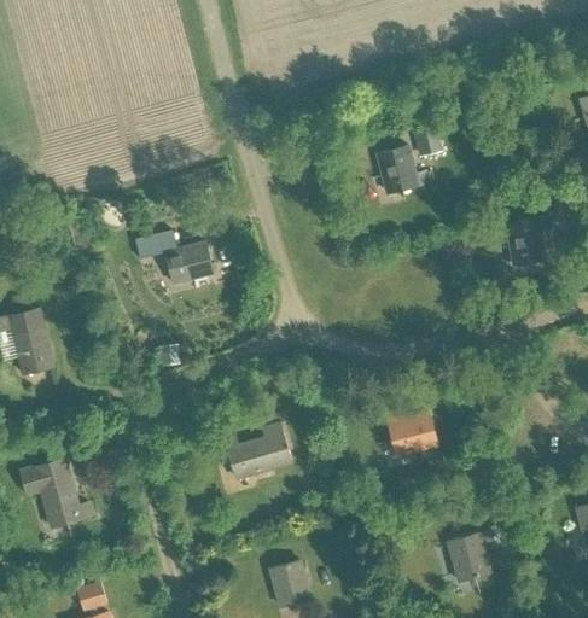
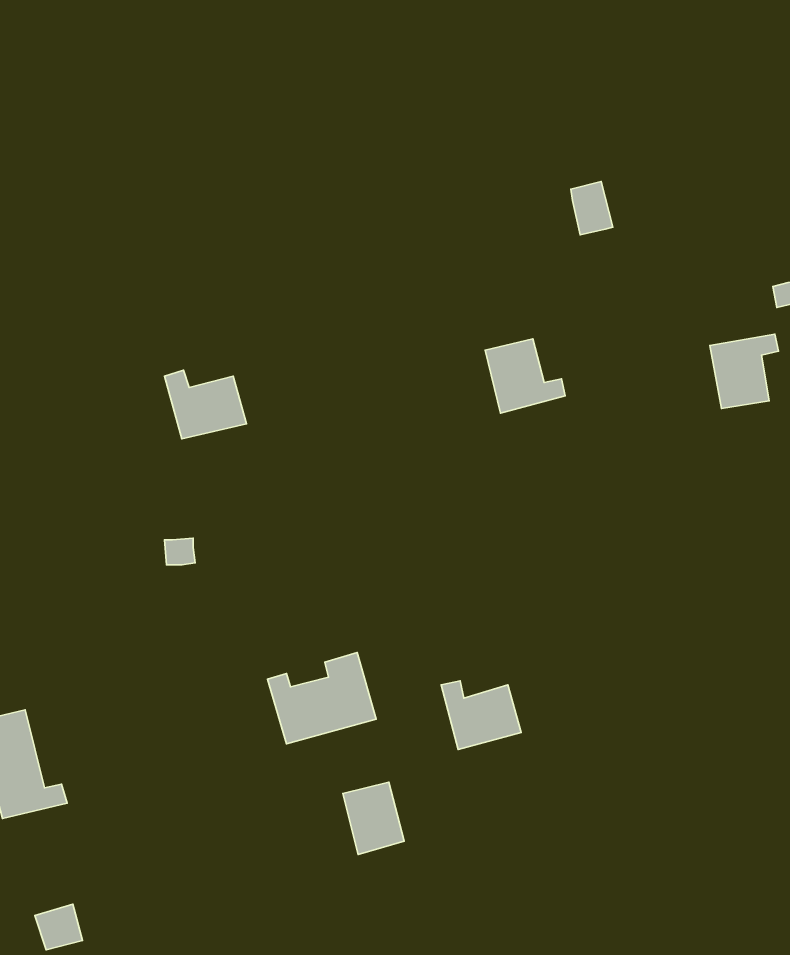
building: [373,148,424,196] -> [485,339,565,413]
building: [385,410,436,454] -> [441,681,521,750]
building: [449,534,490,581] -> none
building: [274,560,313,606] -> [343,782,404,855]

